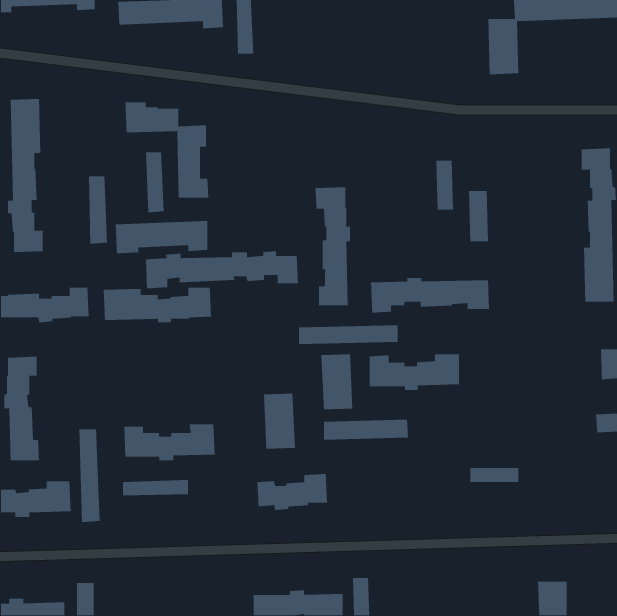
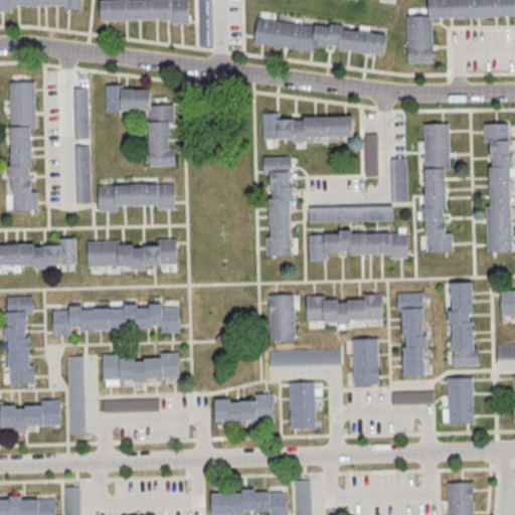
building: none -> [253,18,386,54]
building: none -> [262,113,353,142]
building: none -> [422,123,453,251]
building: [145,151,164,213] -> [72,88,89,139]
building: [145,250,299,289] -> [51,304,179,336]
building: [298,324,398,345] -> [309,204,392,221]
building: none -> [448,283,479,365]
building: none -> [396,293,427,377]
building: [263,393,296,450] -> [289,381,316,428]
building: none -> [352,339,379,385]
building: none -> [447,377,474,423]

